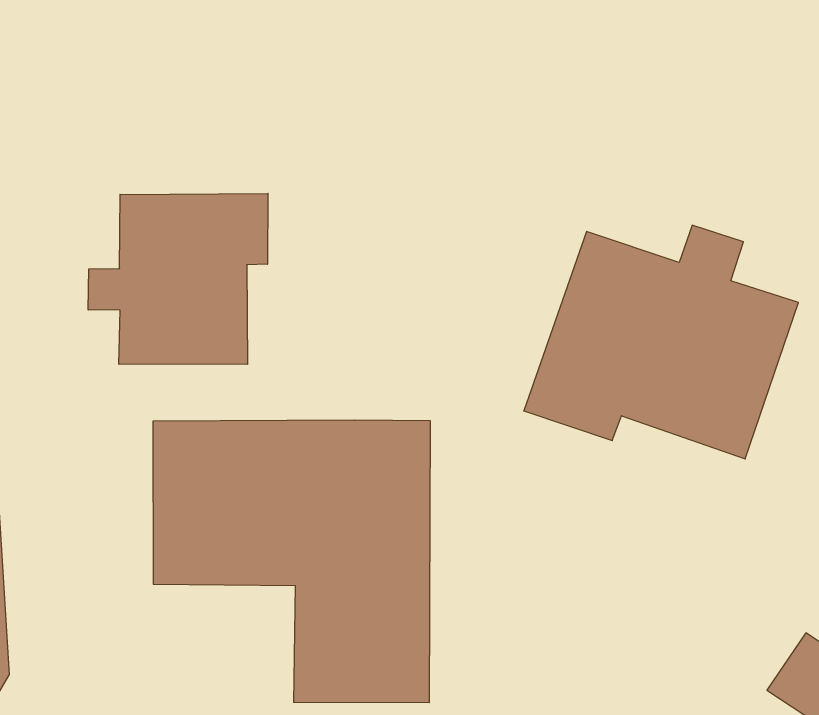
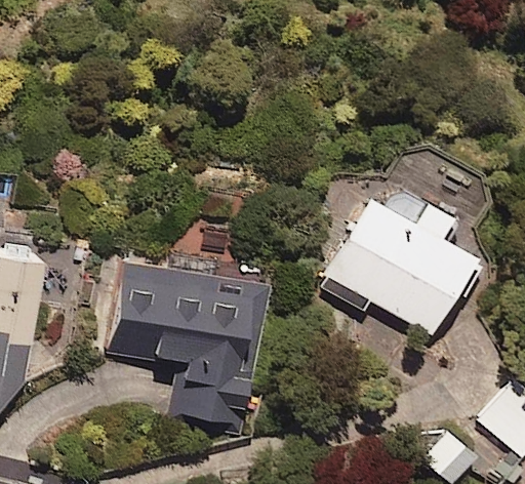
building: [88,193,268,364] -> none

